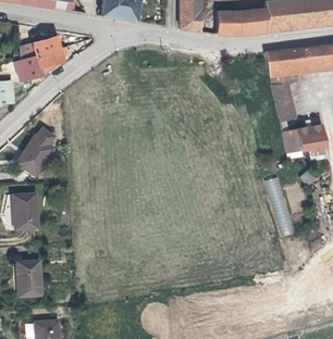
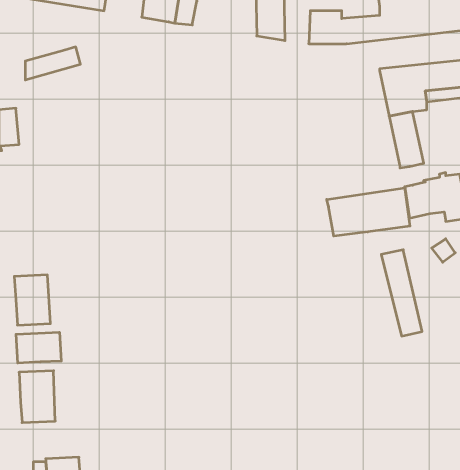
building: [15,46,69,81] -> none
building: none -> [327,188,410,236]
building: [17,135,54,175] -> none
building: none -> [16,332,61,363]

